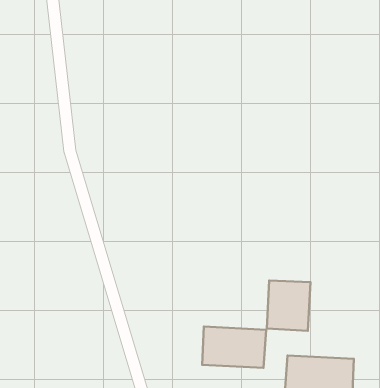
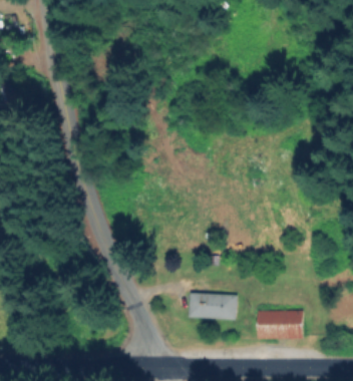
building: [267,281,310,331] -> none

